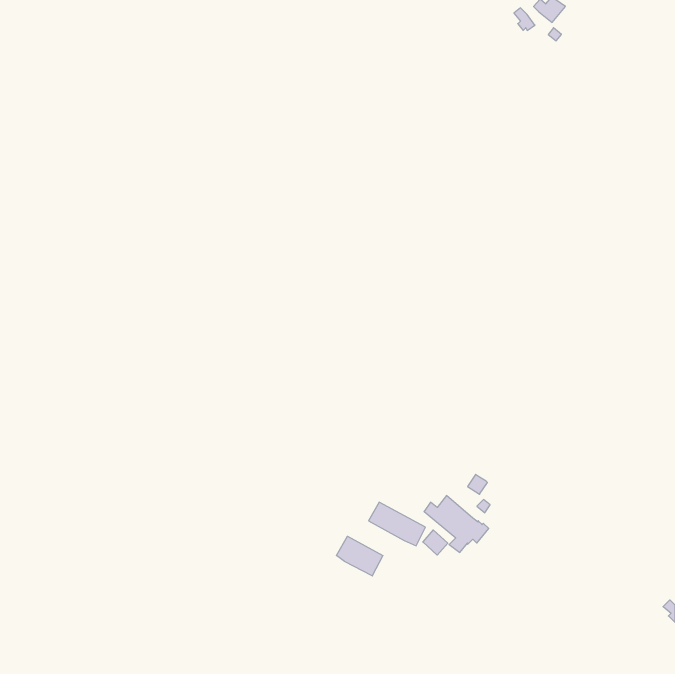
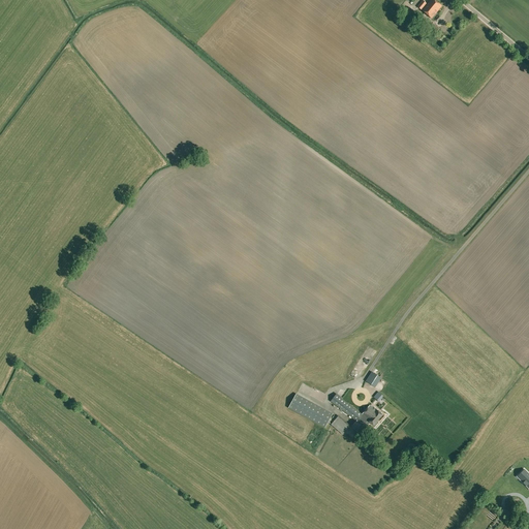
building: [336,536,383,576] -> none

